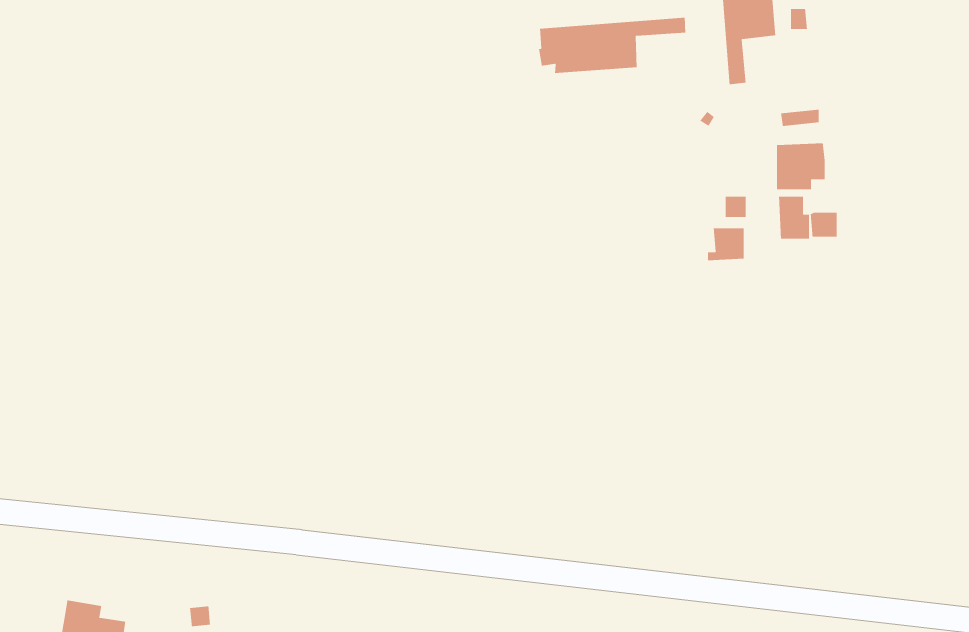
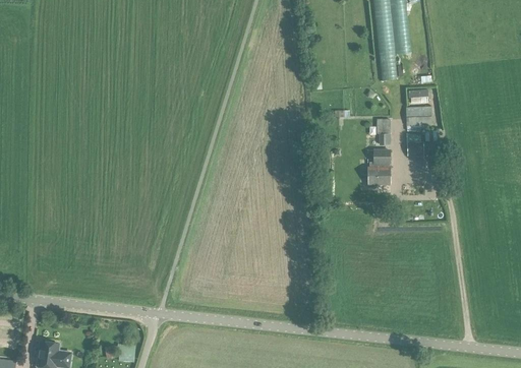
building: [538,17,686,74] -> none
building: none -> [368,165,391,186]

